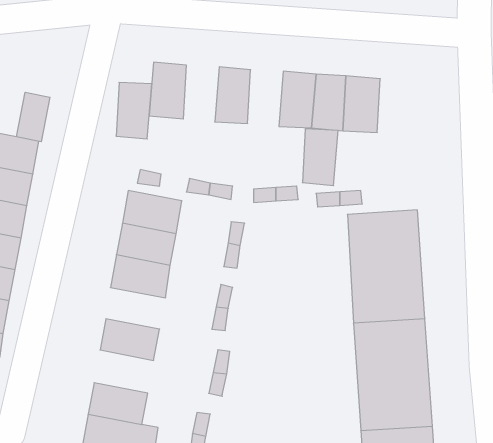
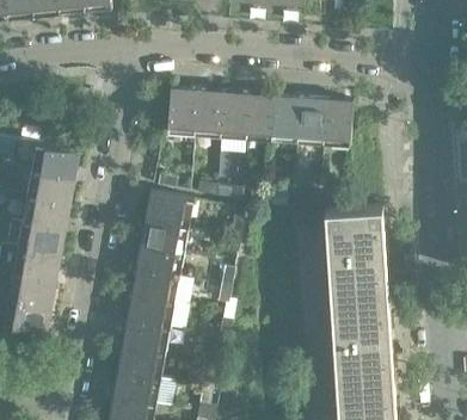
building: [116,82,152,139] -> [193,89,222,135]
building: [17,92,50,142] -> none
building: [302,129,338,186] -> [245,93,274,138]
building: none -> [131,267,191,303]
building: none -> [122,317,170,352]

